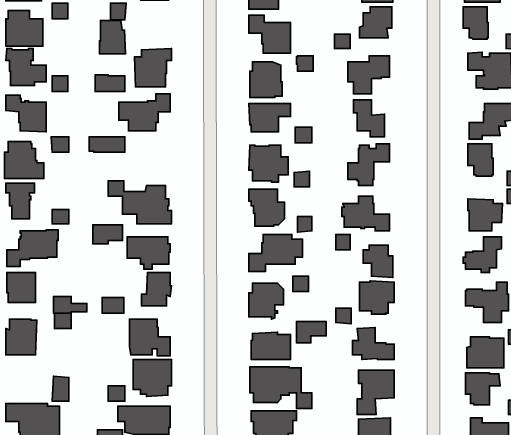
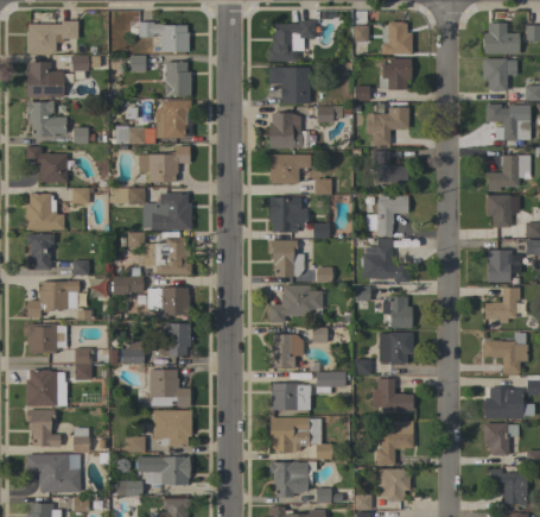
building: [99,20,126,54] -> [165,62,191,95]
building: none -> [151,193,191,229]
building: none -> [27,409,61,447]

